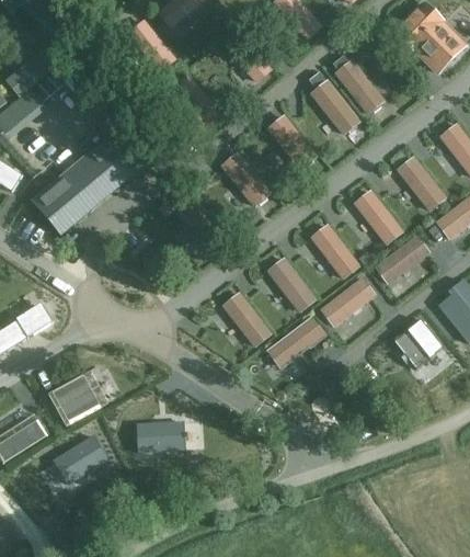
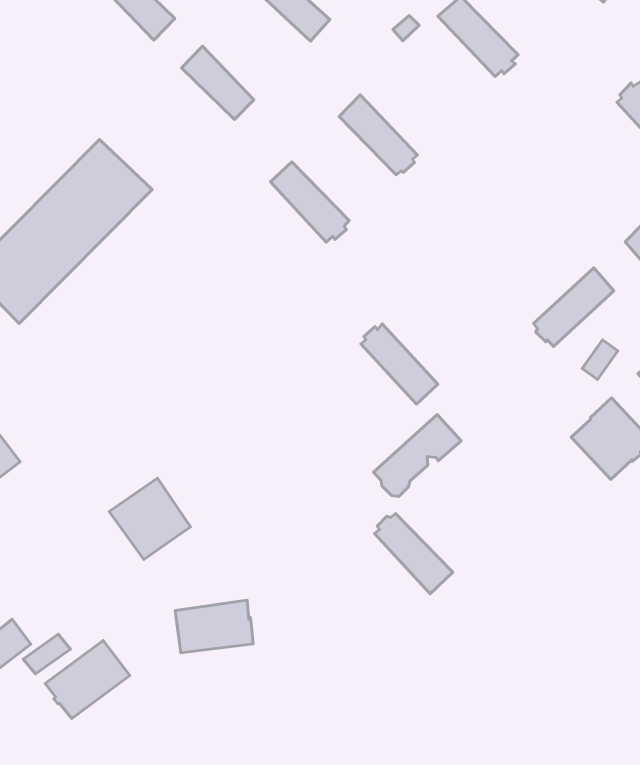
building: [311,81,358,134] -> none
building: [398,158,444,209] -> none
building: [355,191,401,243] -> none
building: [311,226,357,277] -> none
building: [321,280,372,325] -> none
building: [223,294,270,345] -> [374,514,453,594]
building: [50,374,100,423] -> [109,478,191,560]

